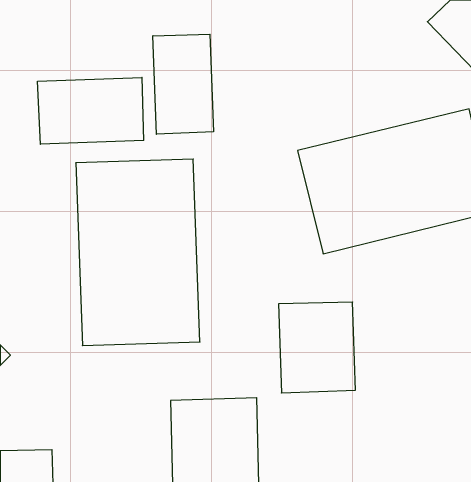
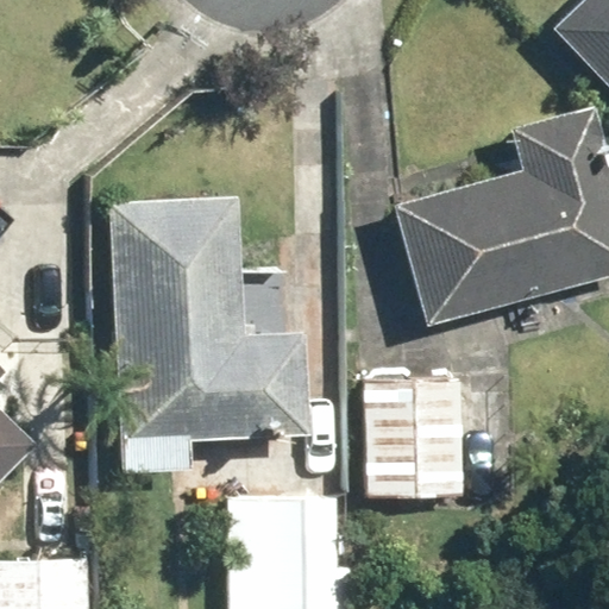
building: [153,34,213,134] -> none
building: [38,77,144,144] -> none

